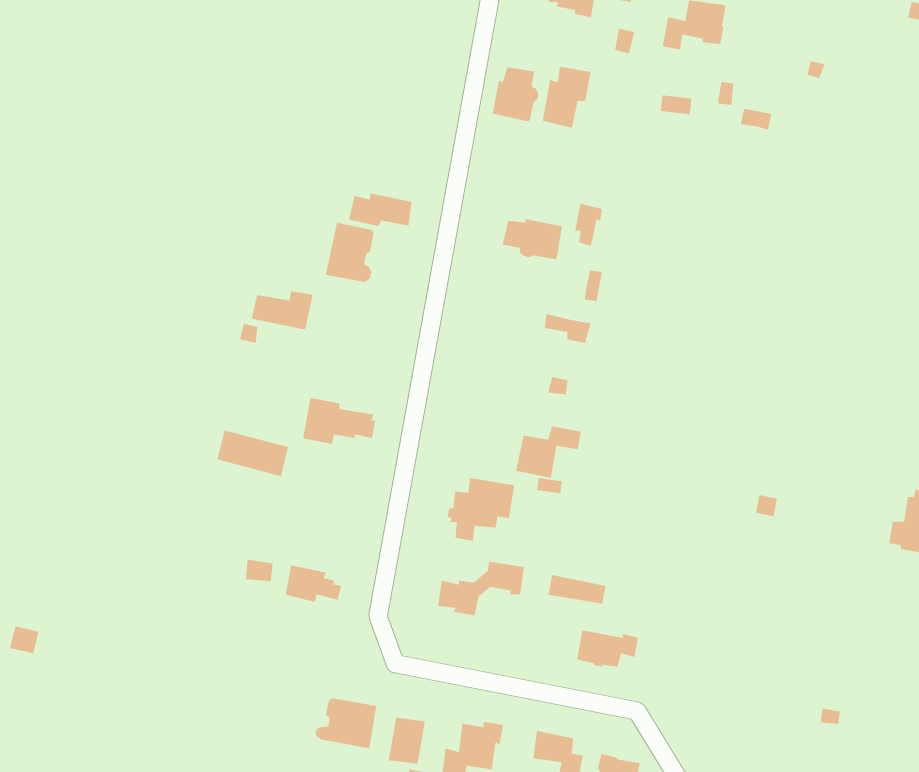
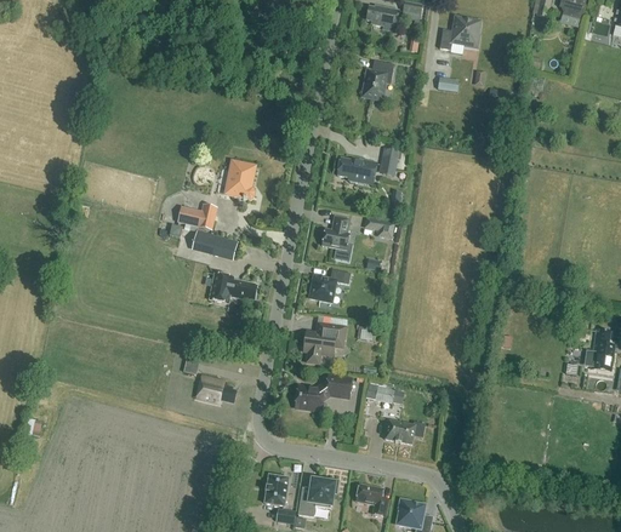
building: [492,66,539,122] -> none
building: [348,193,412,227] -> none
building: none -> [323,216,351,250]
building: [515,425,582,479] -> [309,269,352,303]
building: [217,429,289,477] -> [192,230,238,261]
building: [315,698,377,749] -> none

